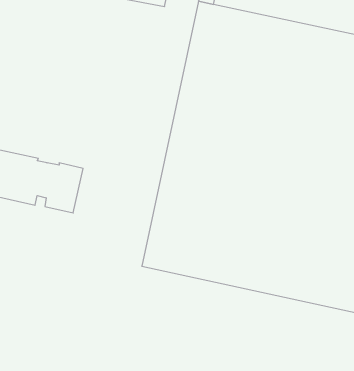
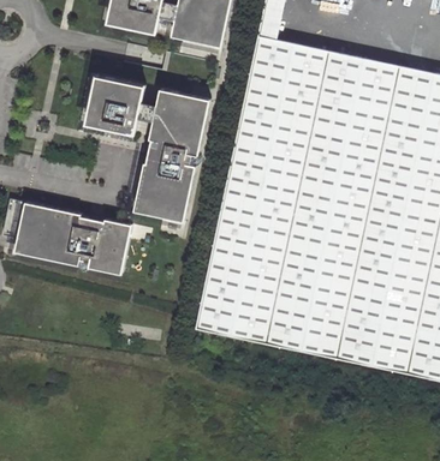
building: none -> [87,72,144,131]
building: none -> [135,86,210,218]

